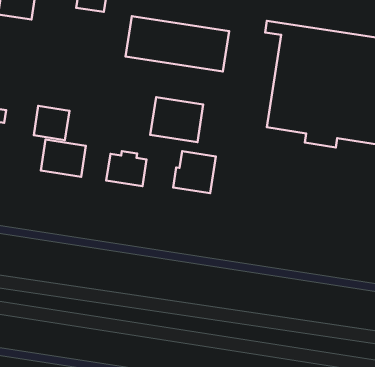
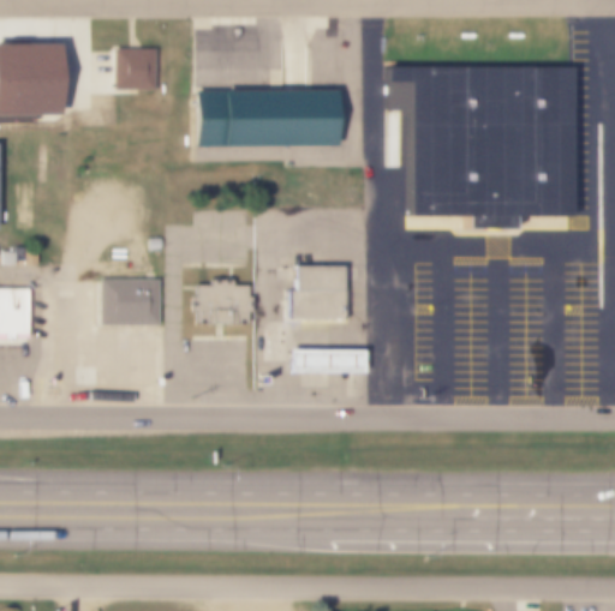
building: [150,97,203,142] -> none
building: [34,106,69,140] -> none
building: none -> [292,351,366,372]

